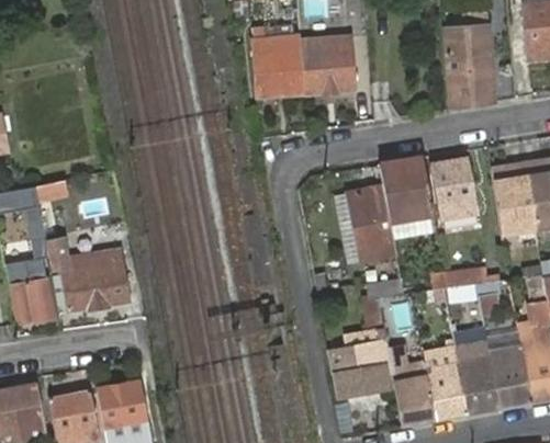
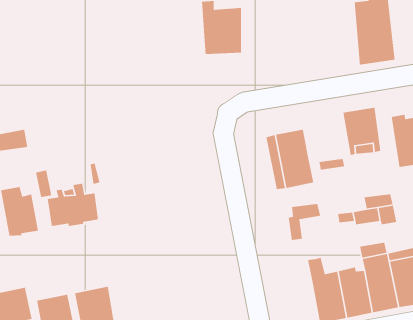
building: [305,35,357,92] -> none
building: [378,158,431,222] -> none
building: [333,327,393,397] -> none

